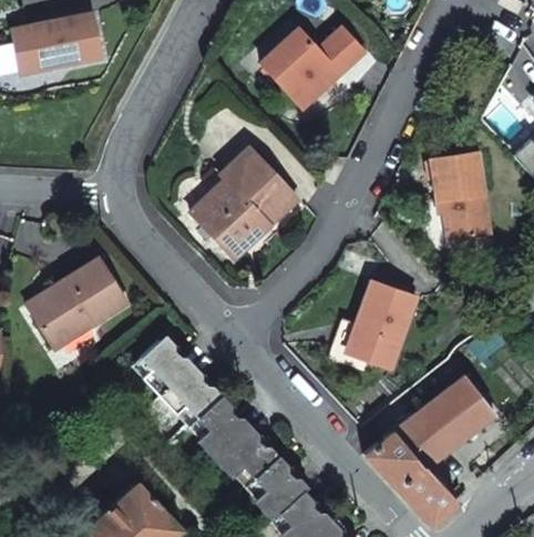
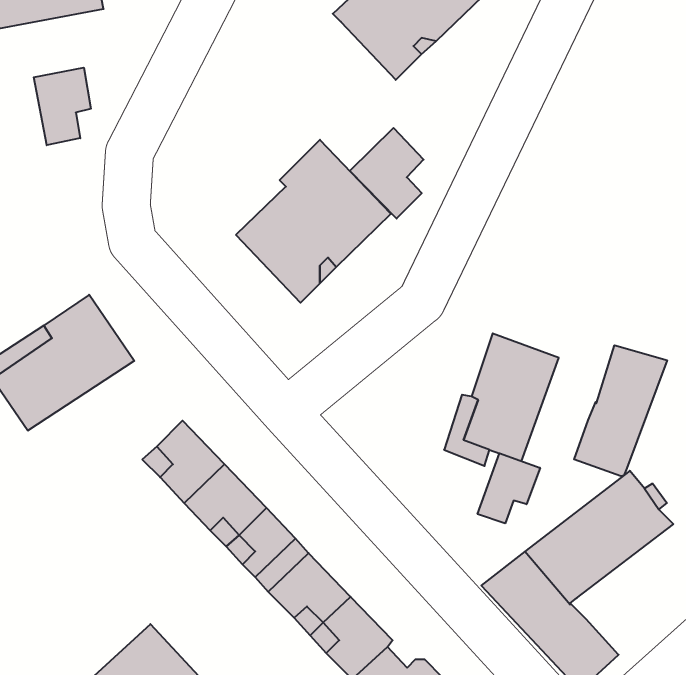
building: none -> [34,68,91,145]
building: none -> [350,128,424,219]
building: [429,146,490,236] -> none
building: none -> [574,345,667,476]
building: none -> [478,453,540,523]

